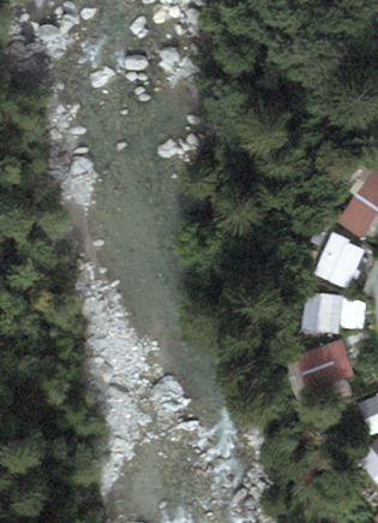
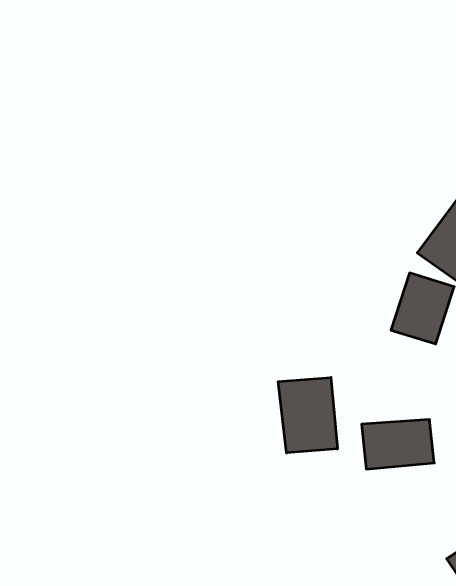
building: [299,291,342,333] -> none
building: none -> [278,377,337,453]

